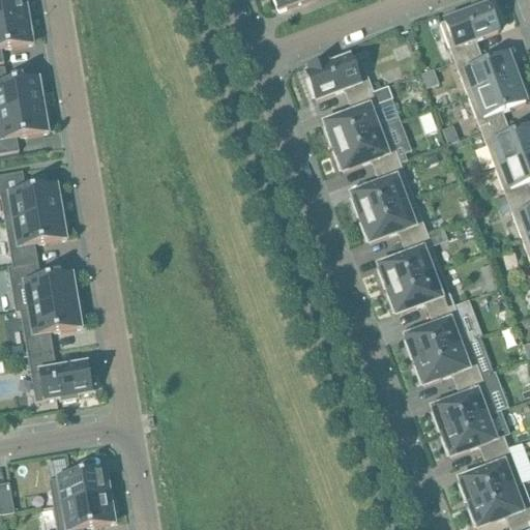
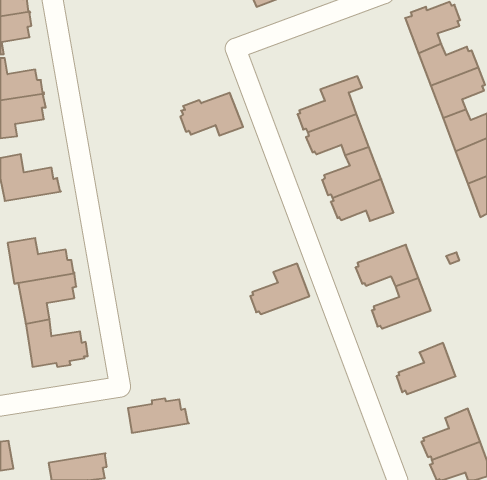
building: [305,51,374,97] -> [180,93,243,136]
building: [5,208,67,264] -> none
building: [377,231,441,286] -> [250,264,309,314]
building: [413,337,481,383] -> none
building: [440,409,508,454] -> none
building: [49,466,115,503] -> [128,398,189,433]

